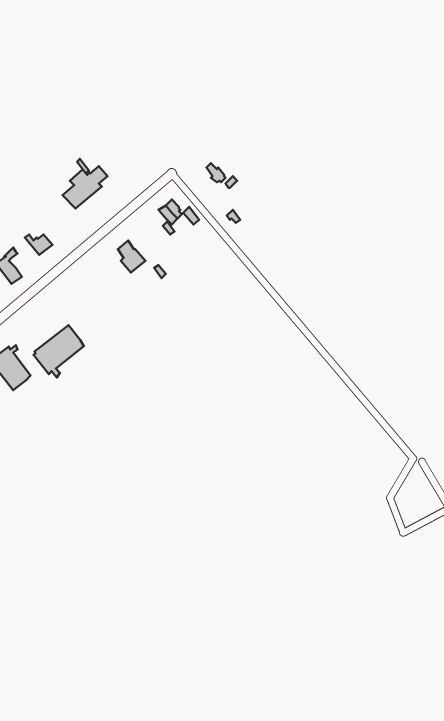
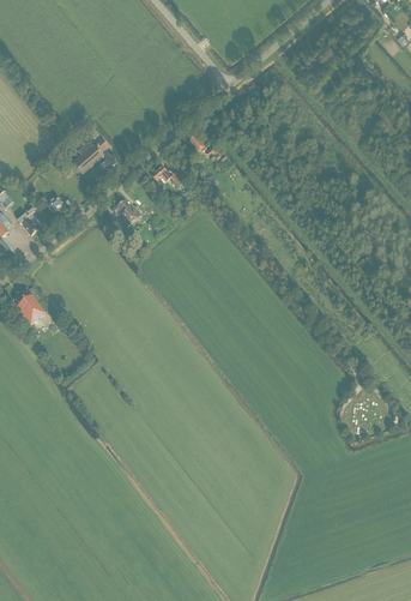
building: [33,325,84,377] -> none

